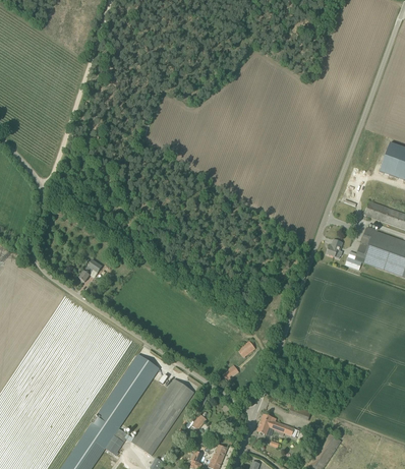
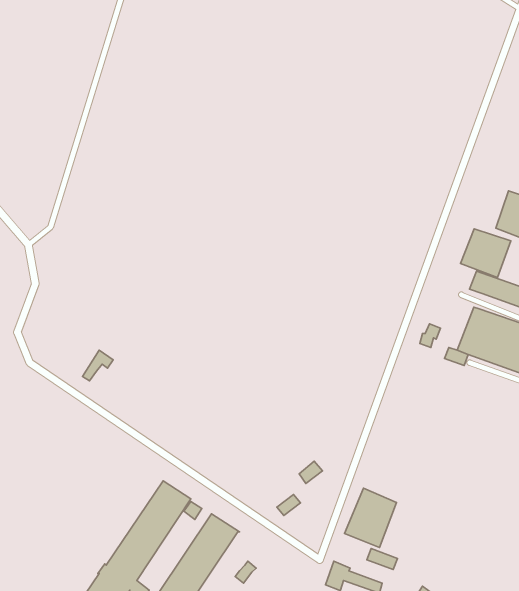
building: none -> [461,229,511,278]
building: none -> [345,488,397,548]

